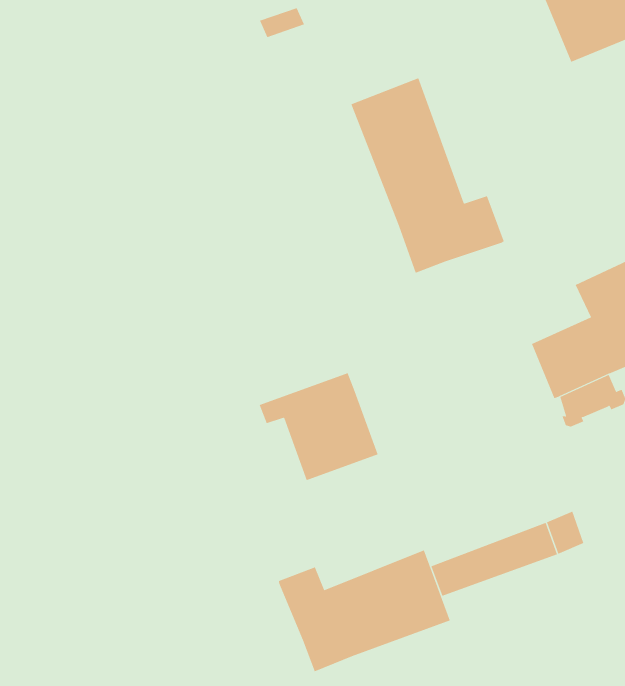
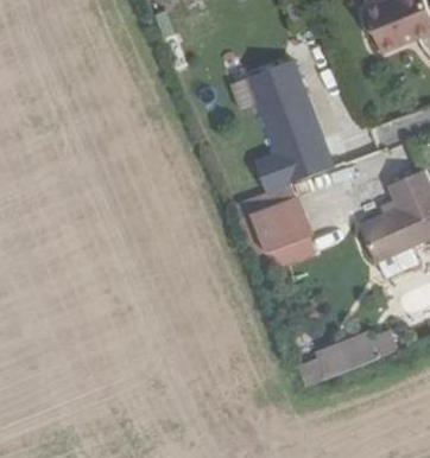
building: [259,373,378,481] -> [232,182,306,249]
building: [279,550,451,672] -> none

